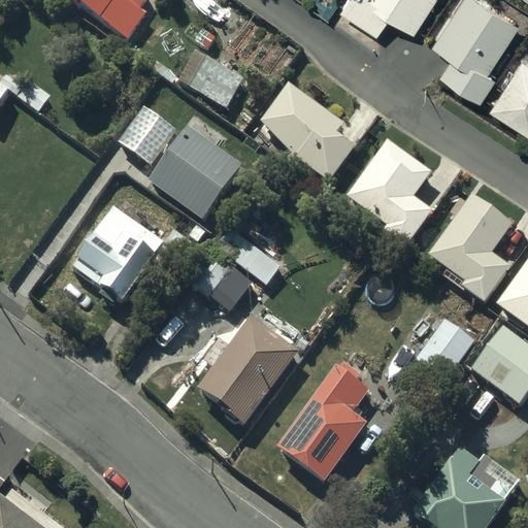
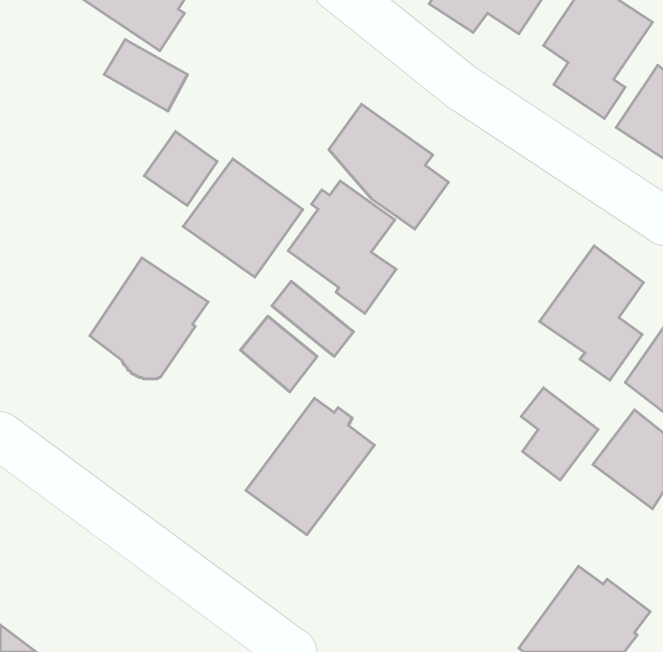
building: [178,50,244,106] -> [104,40,187,111]
building: [346,139,432,244] -> [288,181,396,313]
building: [276,360,370,483] -> none

